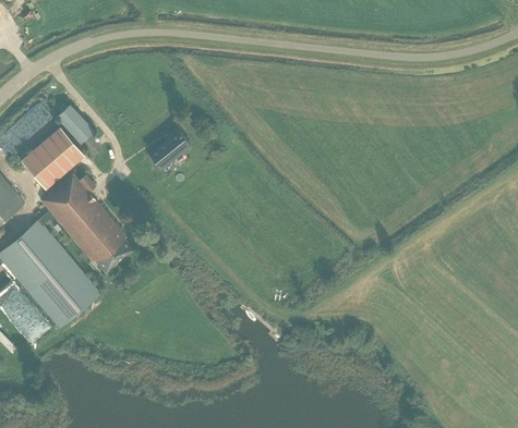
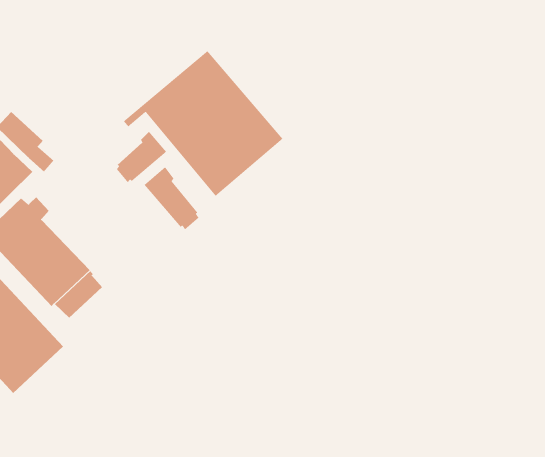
building: none -> [123,50,284,197]
building: none -> [143,166,199,231]

